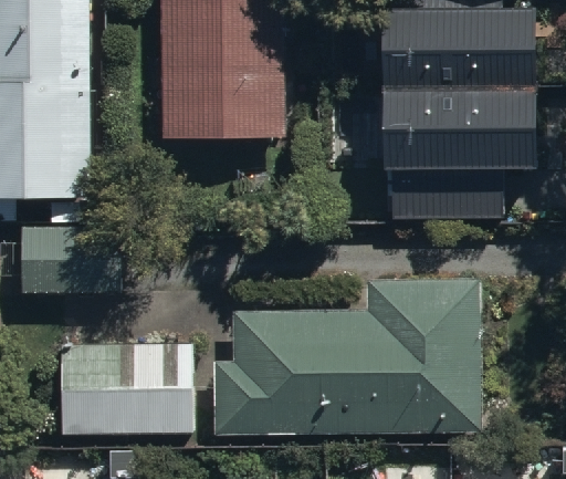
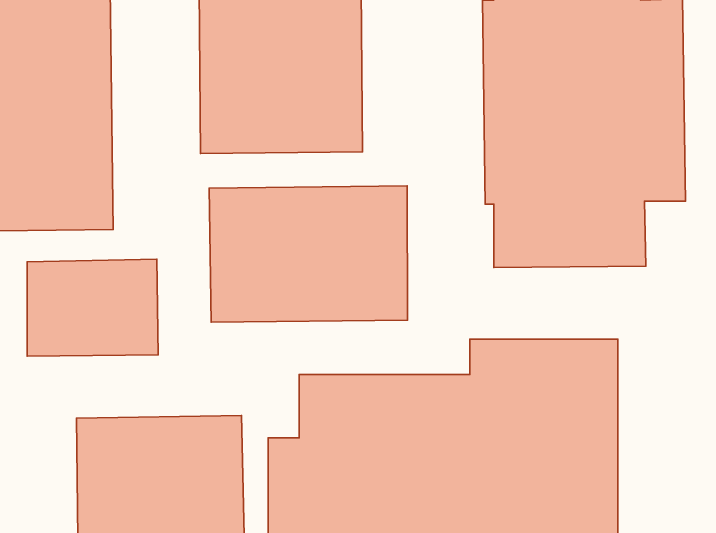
building: none -> [209,186,408,322]

